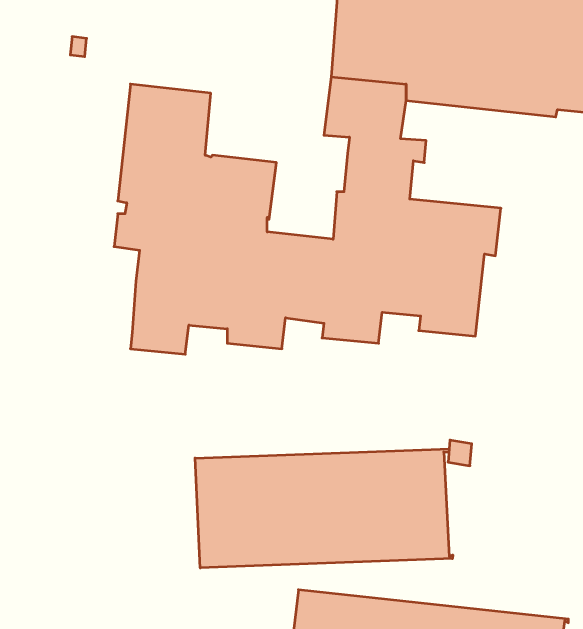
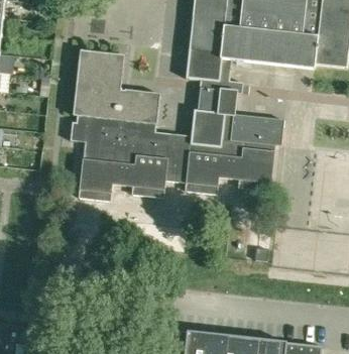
building: [195,449,453,568] -> none

